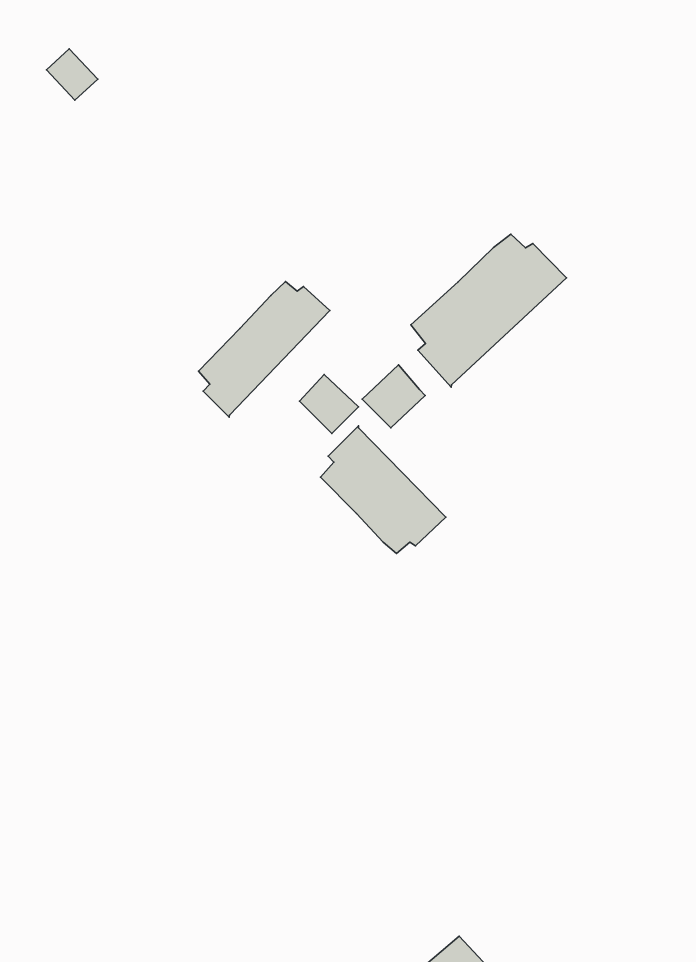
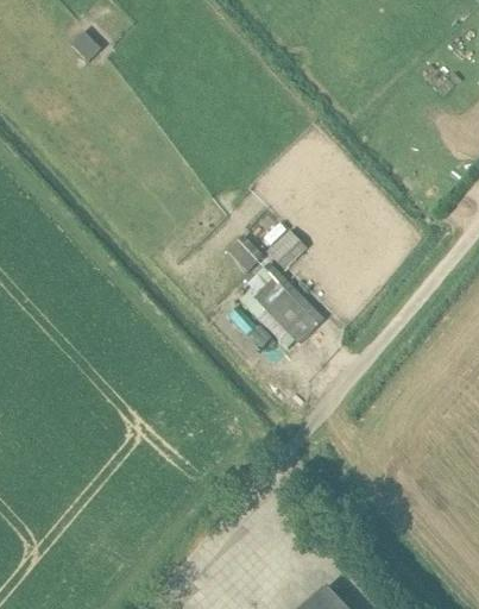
building: [411,234,566,387] -> none
building: [199,282,330,417] -> none

